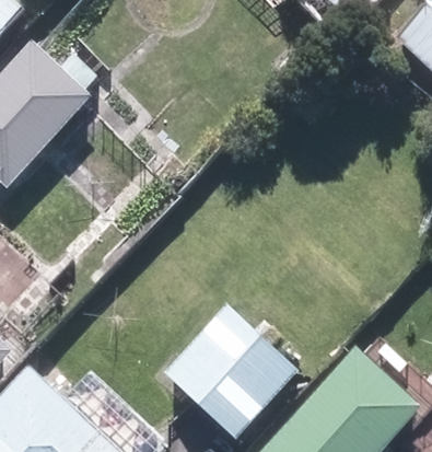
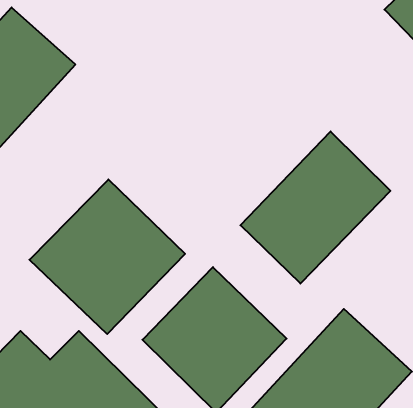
building: none -> [240,131,390,284]
building: none -> [29,179,185,334]

